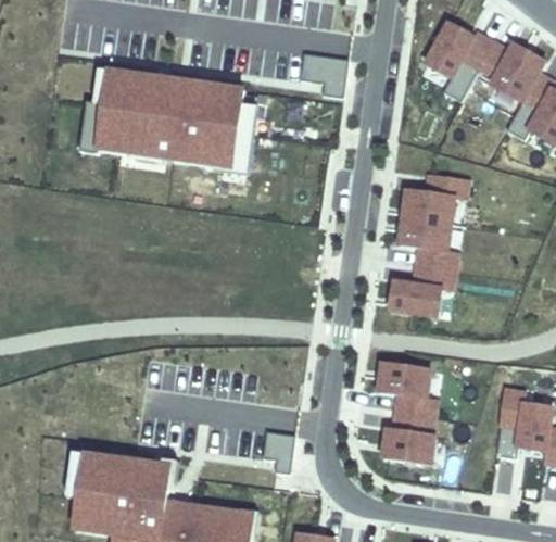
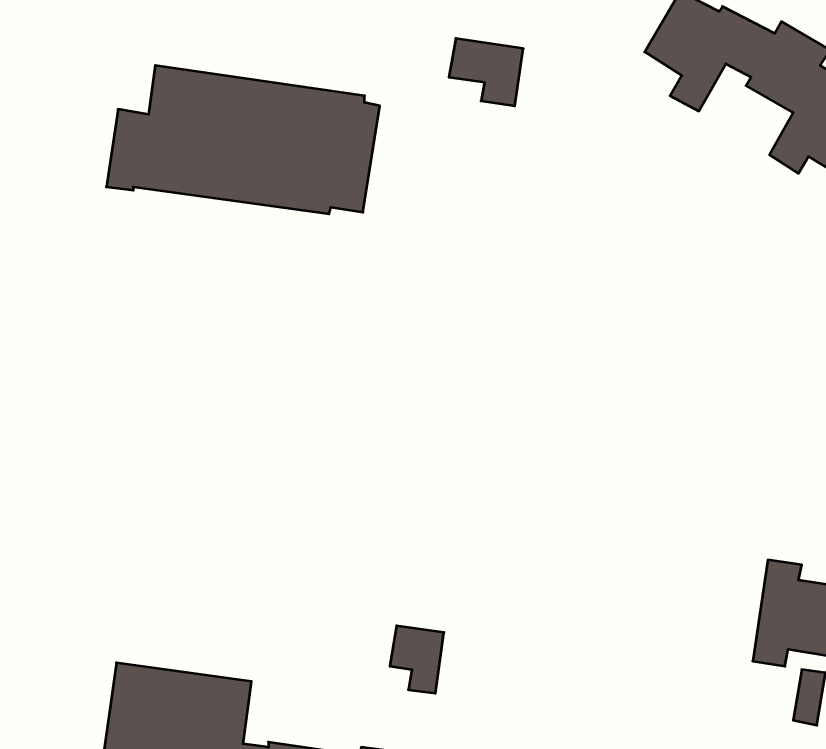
building: [390,174,468,314] -> none
building: [377,361,438,463] -> none

